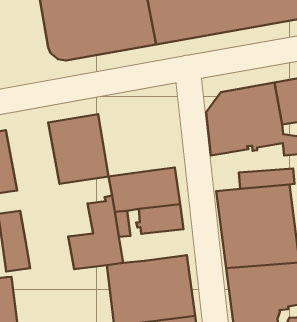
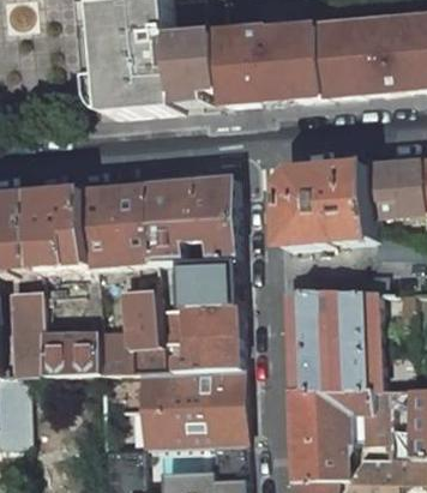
building: none -> [145,176,234,261]
building: none -> [30,188,90,269]
building: none -> [185,335,239,369]
building: none -> [42,331,98,373]

